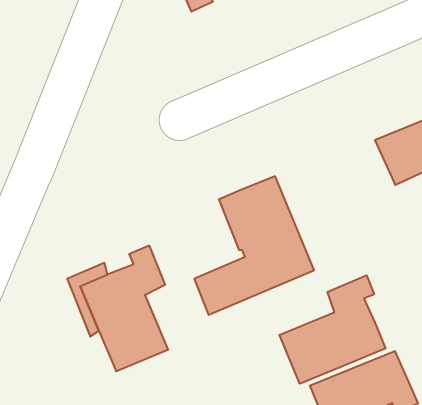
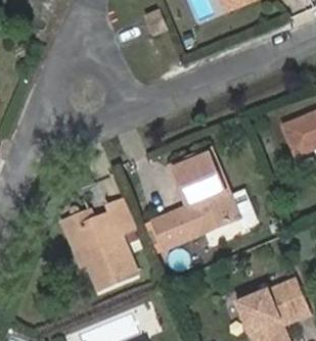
building: [279,275,385,384] -> none

